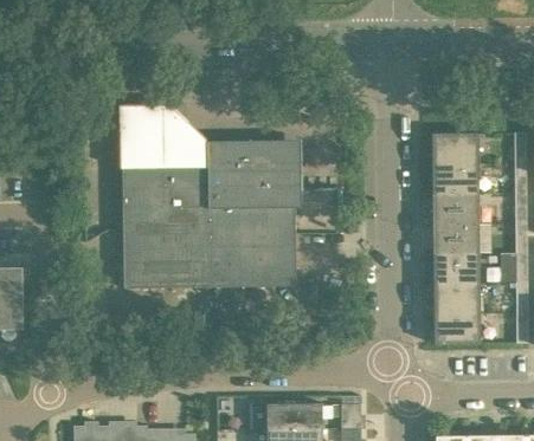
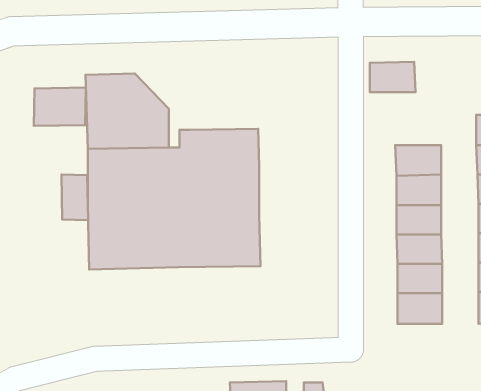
building: none -> [34,88,86,126]
building: [432,134,478,164] -> [370,62,415,92]
building: none -> [61,175,88,220]

